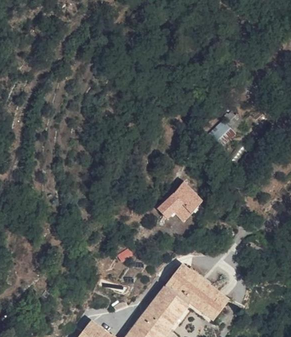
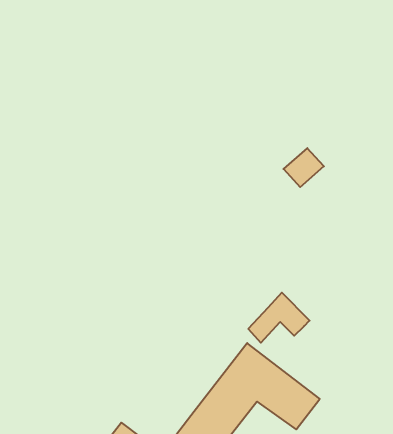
building: [160,183,204,219] -> [248,293,310,343]

